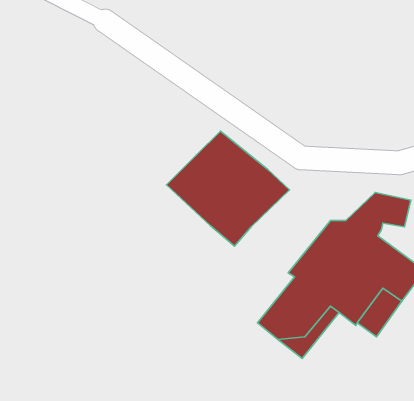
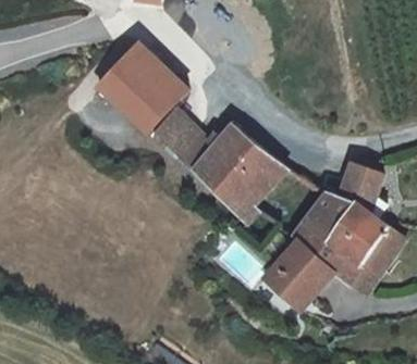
building: none -> [96,42,186,131]
building: none -> [155,106,209,164]

